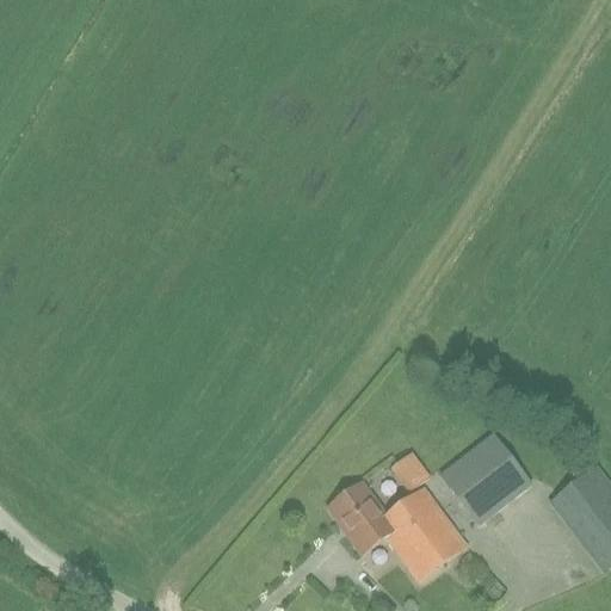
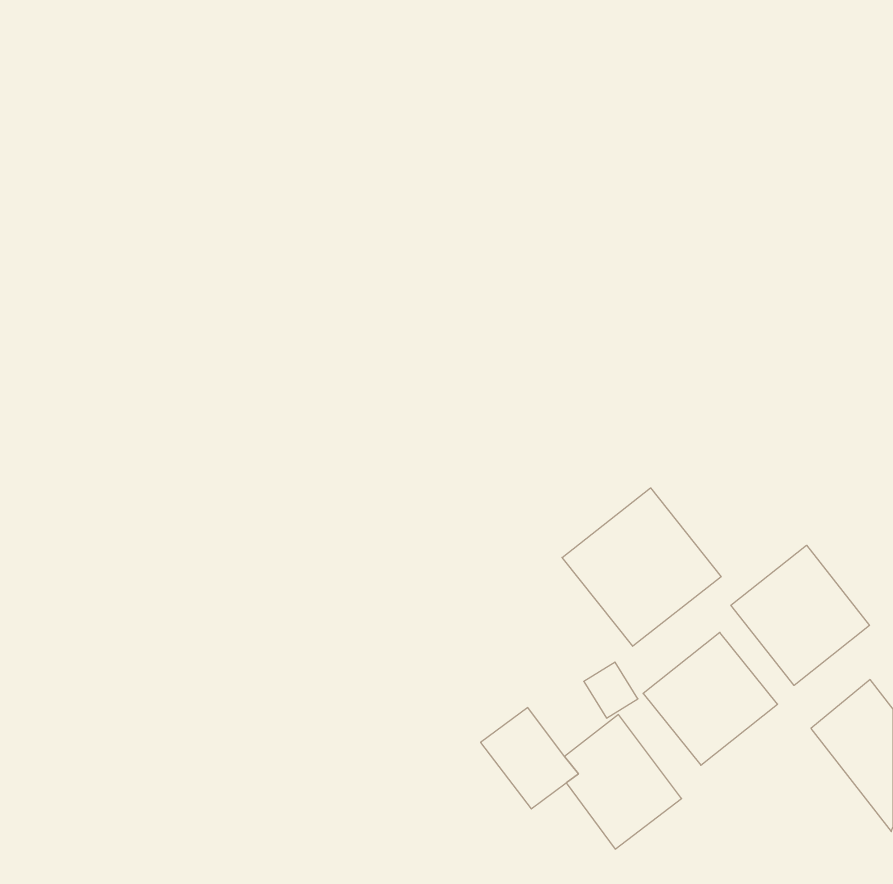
building: none -> [562,488,721,646]
building: none -> [731,545,869,685]

